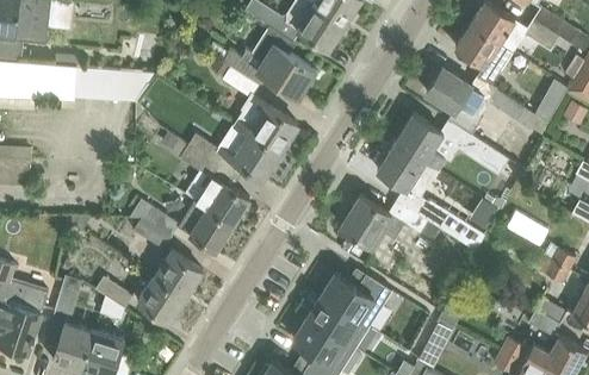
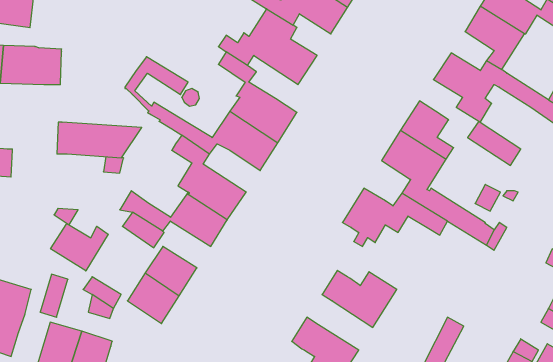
building: [74,68,154,101] -> [57,122,142,158]
building: none -> [51,224,108,271]
building: [306,296,368,349] -> none

